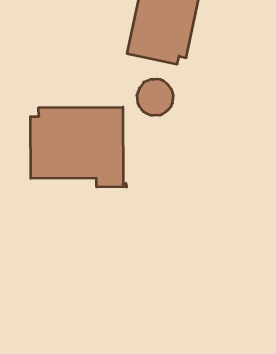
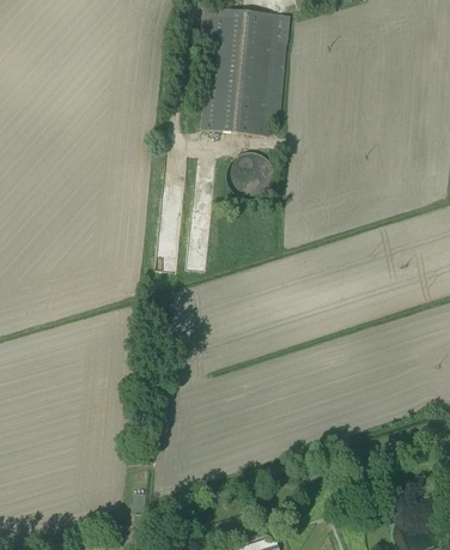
building: [30,107,127,187] -> none

